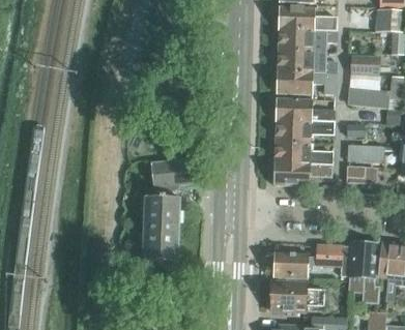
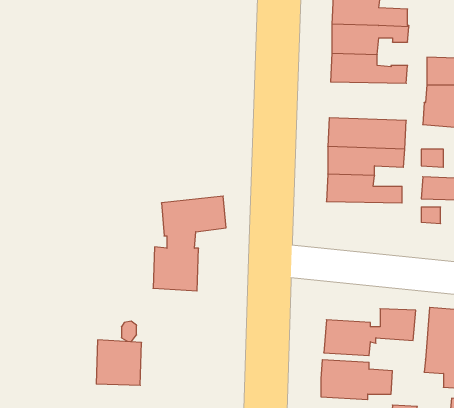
building: [277,72,335,96] -> none
building: [273,162,331,188] -> none
building: [143,228,177,262] -> [96,340,142,385]

